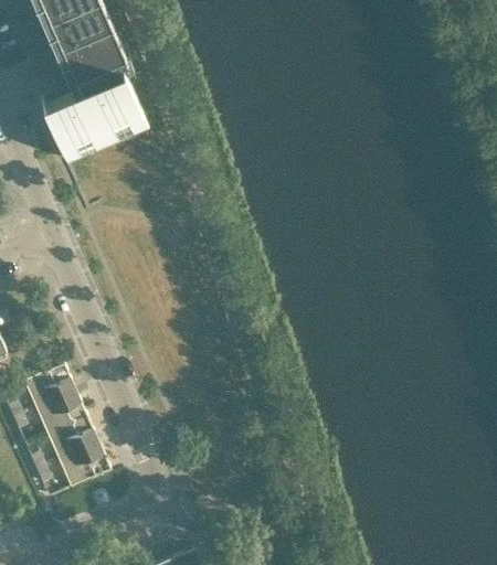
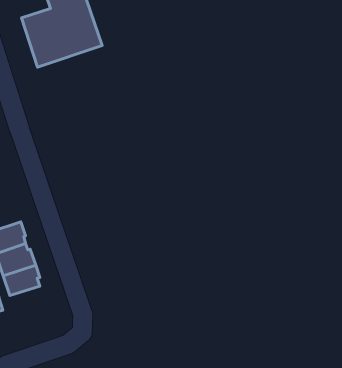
building: [56,445,109,488] -> none

